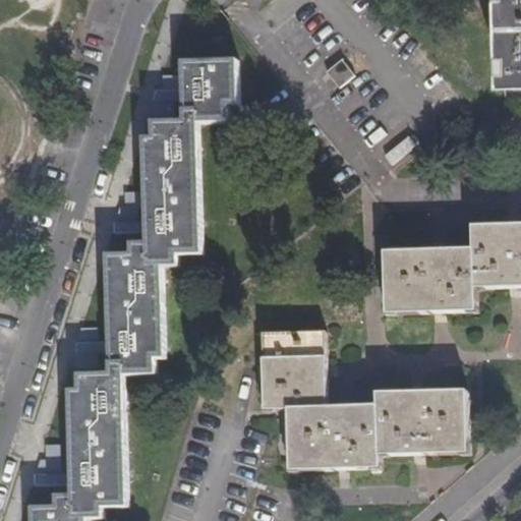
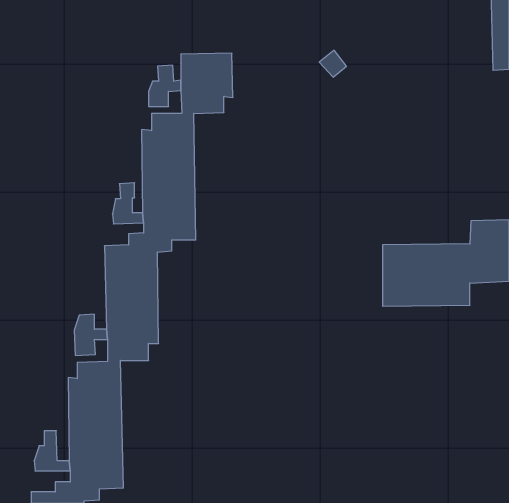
building: [260,326,462,469] -> none

